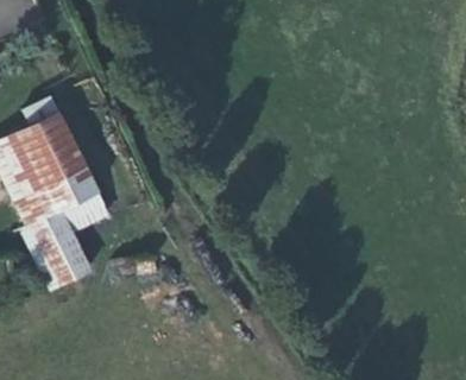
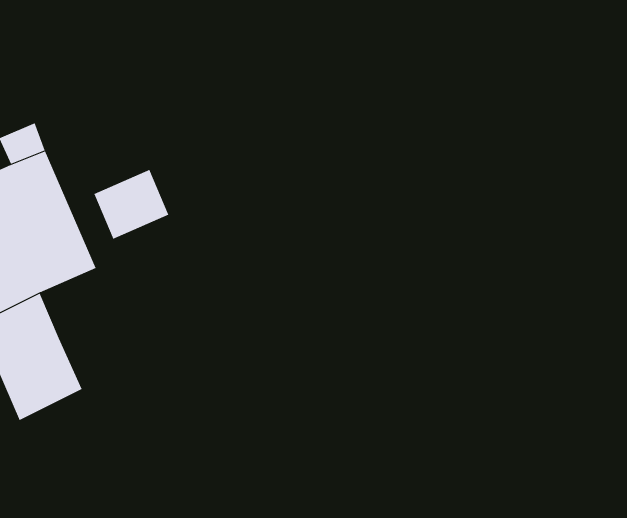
building: [61,196,112,243] -> [94,169,169,239]

